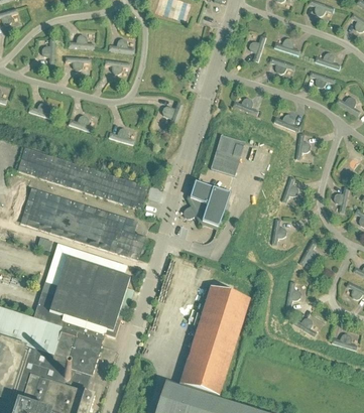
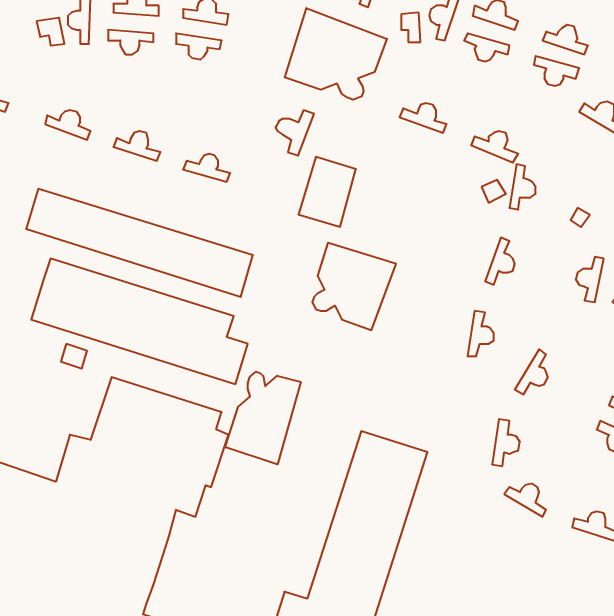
building: none -> [285,8,387,100]
building: [210,134,243,174] -> [298,157,356,227]
building: none -> [225,372,301,464]

